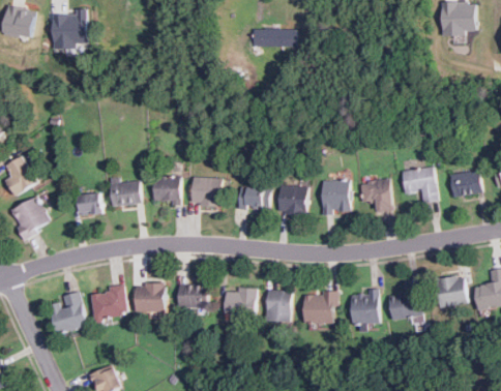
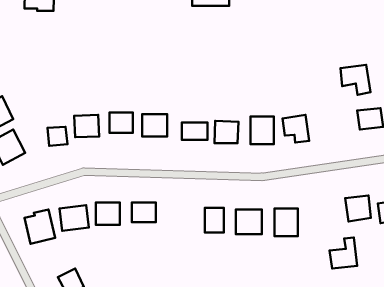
building: [402,168,438,204] -> [340,65,371,95]
building: [389,282,422,320] -> [330,238,357,269]
building: [226,290,257,314] -> none

